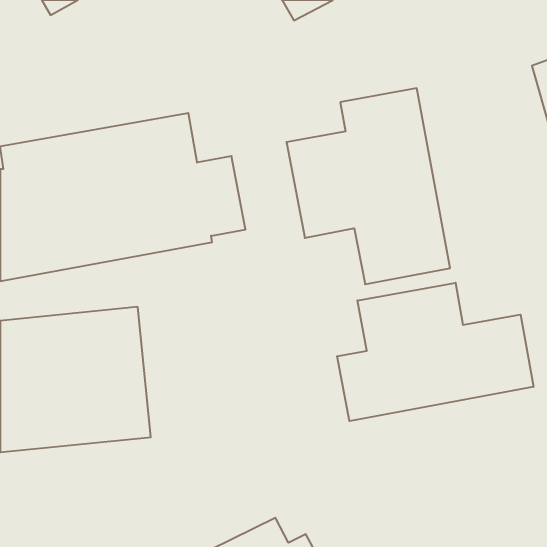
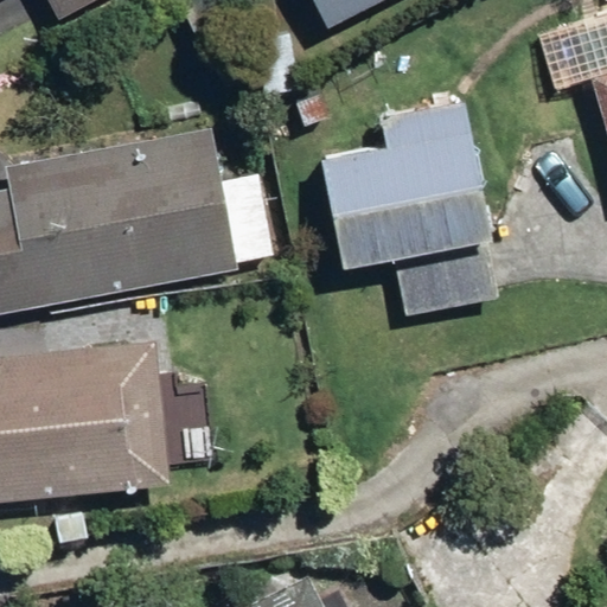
building: [337,283,533,421] -> none

